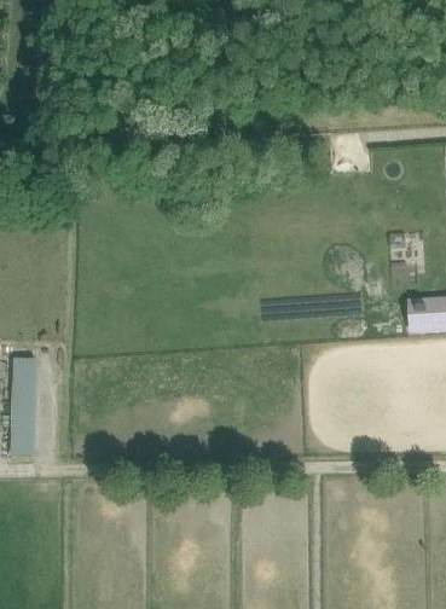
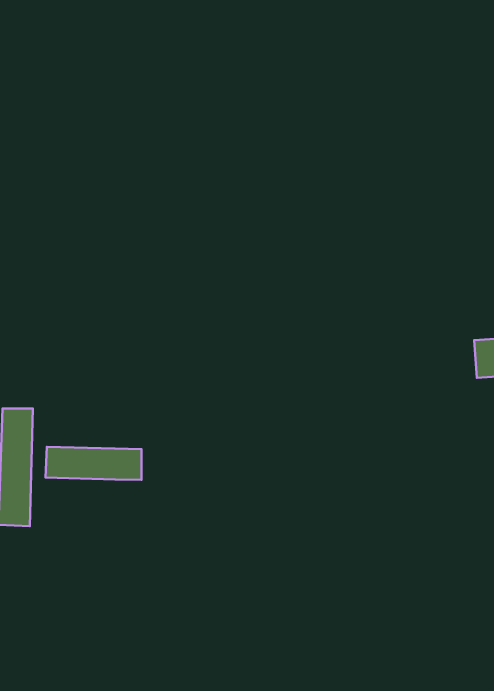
building: none -> [46,447,142,480]

